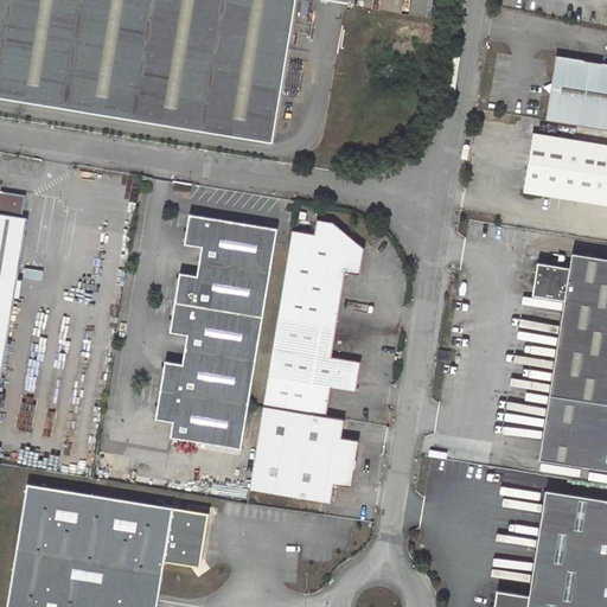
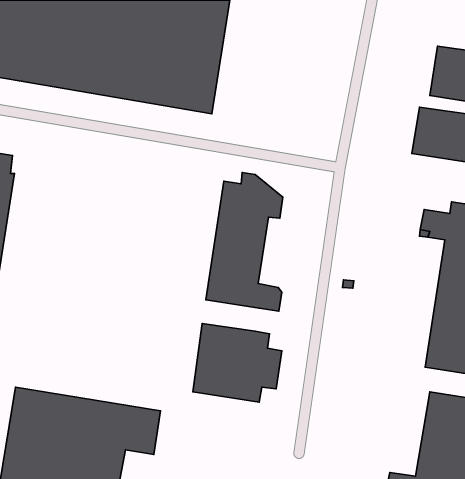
building: [154,213,274,449] -> none
building: [261,376,332,415] -> none

